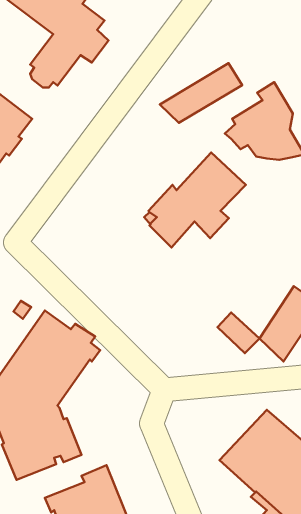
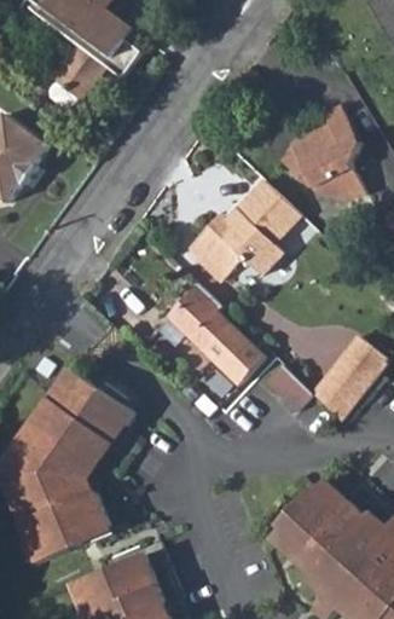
building: [160,63,242,123] -> none
building: none -> [169,288,266,386]

